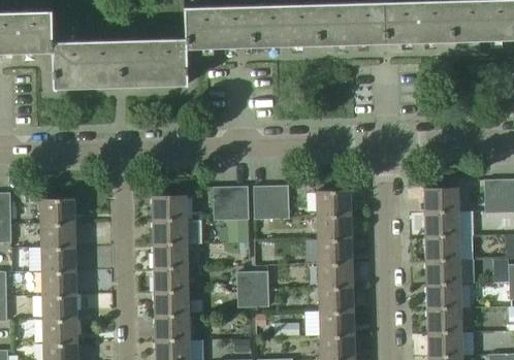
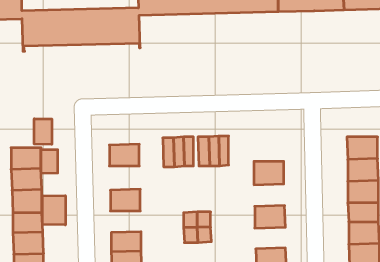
building: none -> [34,119,52,144]
building: [317,190,352,215] -> none
building: none -> [41,149,58,174]
building: [153,220,188,248] -> none
building: [318,240,353,266] -> none
building: none -> [42,195,65,225]
building: [154,271,189,296] -> none
building: [319,290,354,315] -> none

